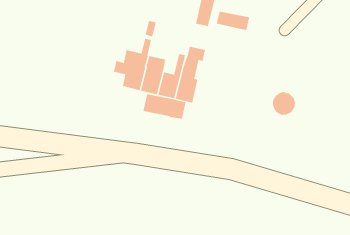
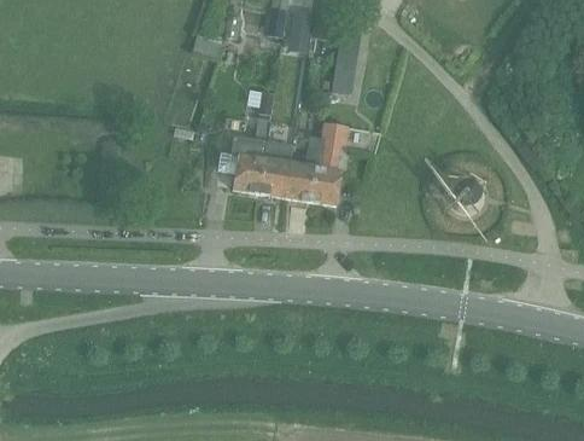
building: [216,11,250,31] -> none
building: [143,94,186,120] -> none

